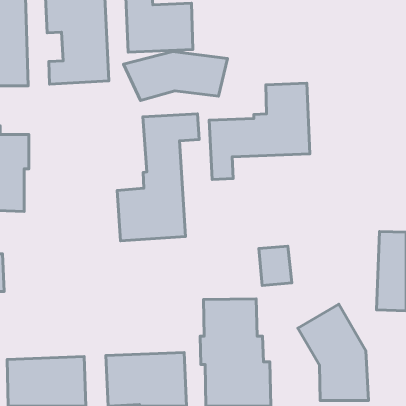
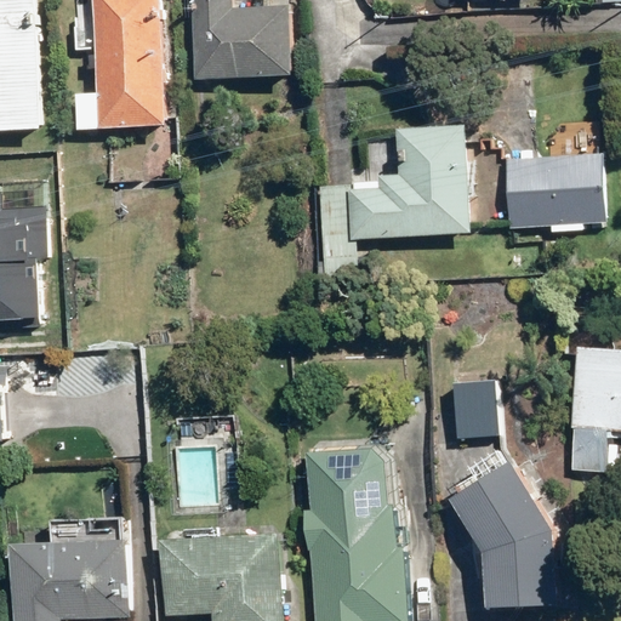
building: [124,51,228,100] -> none
building: none -> [502,153,604,230]
building: [117,114,199,241] -> none
building: [259,246,292,285] -> [449,377,498,437]

